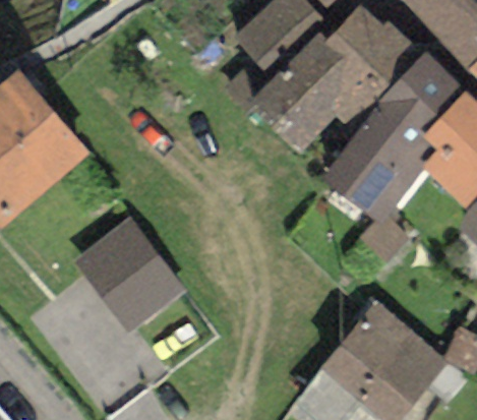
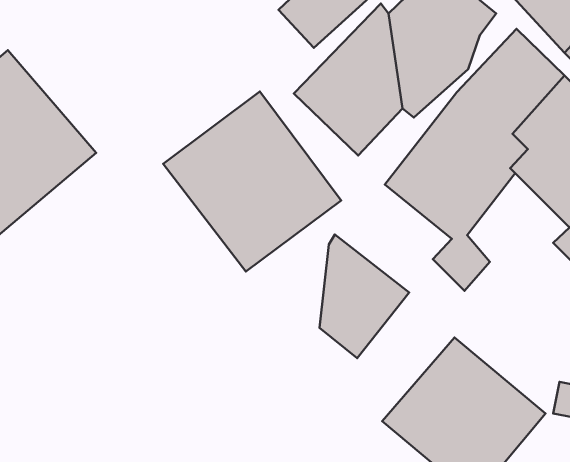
building: none -> [163,91,341,272]
building: [72,217,184,332] -> none
building: none -> [319,234,409,358]

